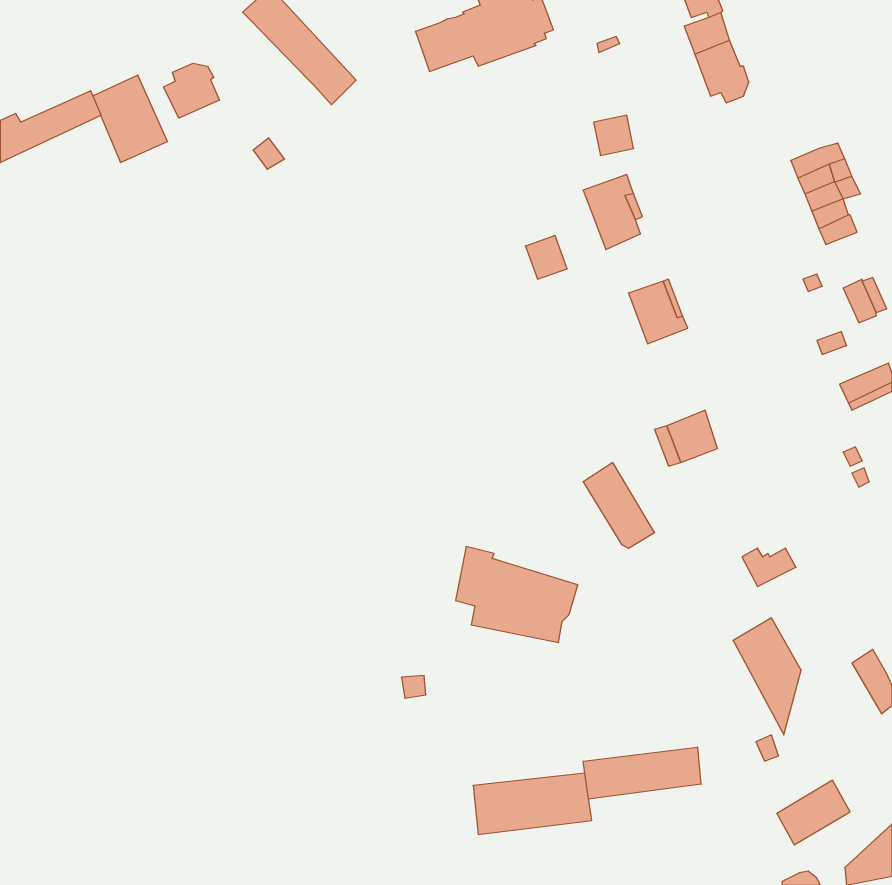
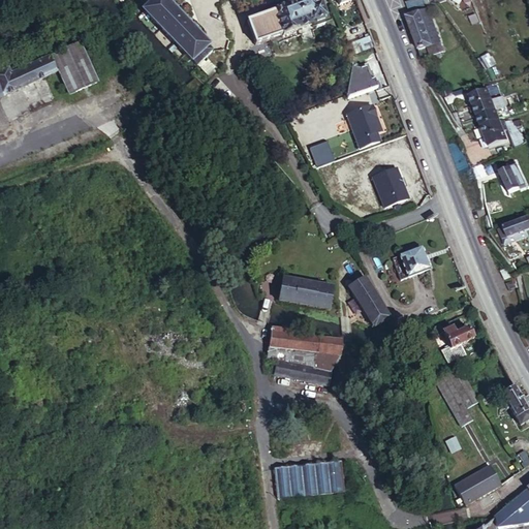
building: [164,63,219,118] -> none
building: none -> [275,276,331,308]
building: [583,747,701,799] -> none

